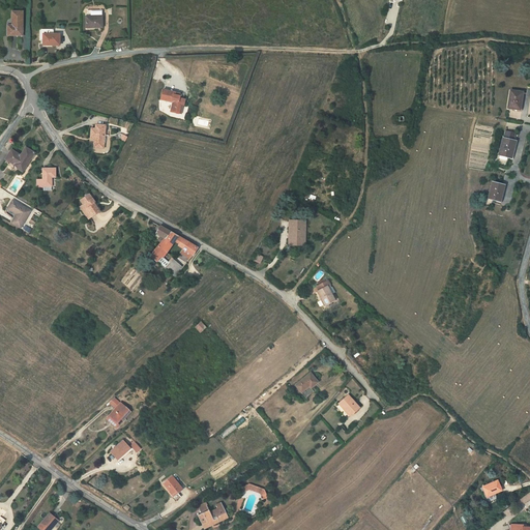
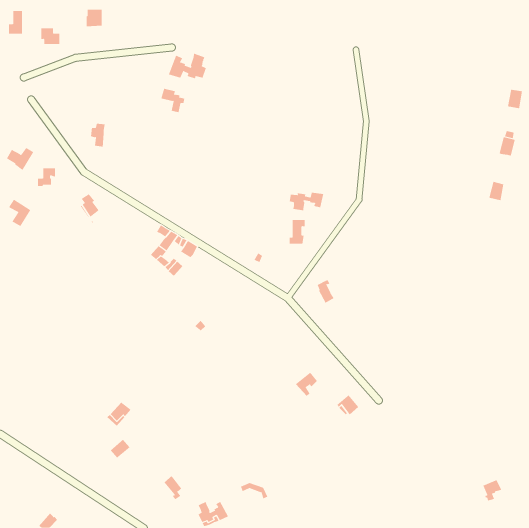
building: none -> [168,53,207,79]
building: none -> [289,192,324,211]

